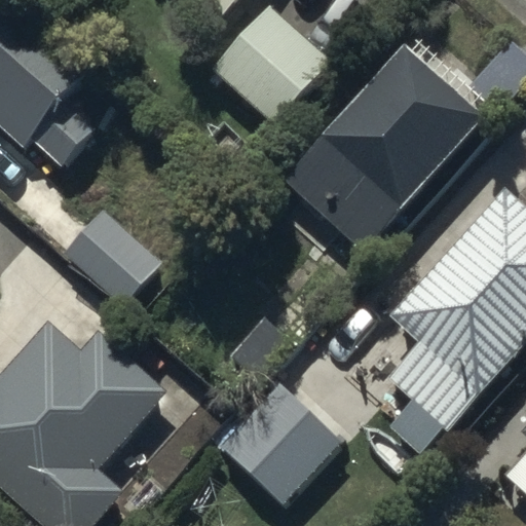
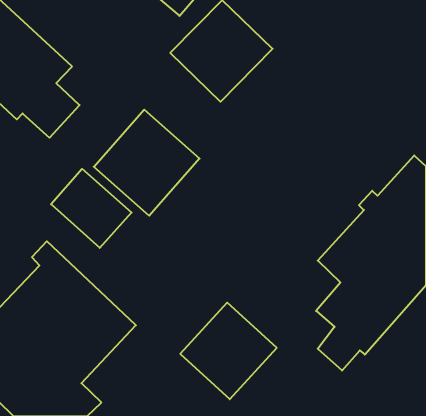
building: [285,49,485,256] -> none
building: none -> [94,110,200,216]

